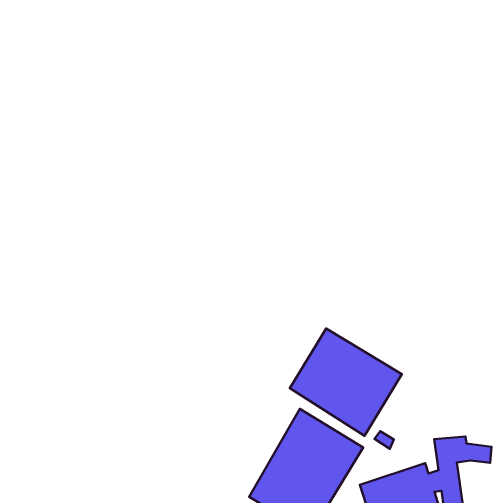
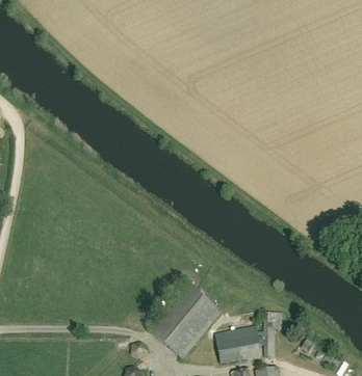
building: [290,328,402,436] -> none

